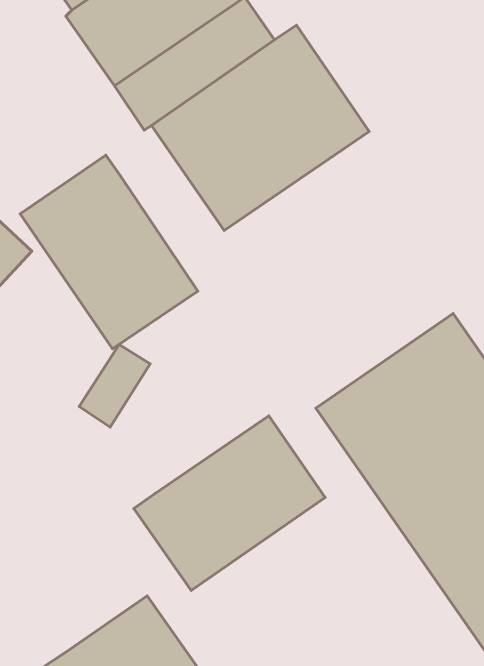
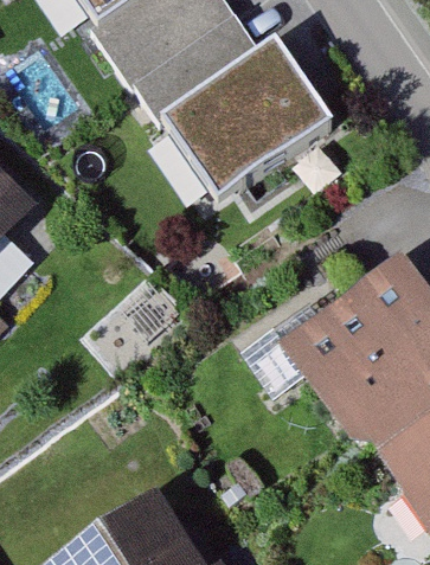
building: [20,155,198,349] -> none
building: [134,416,325,591] -> none

